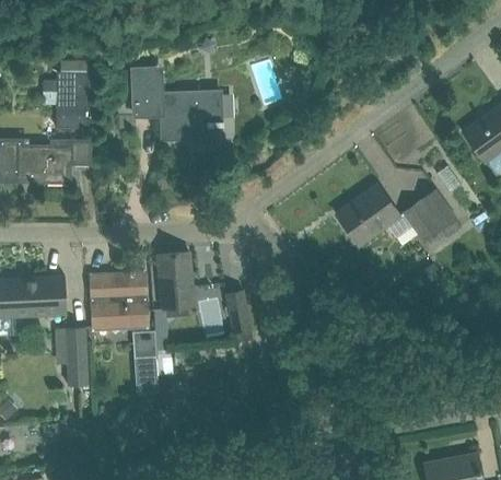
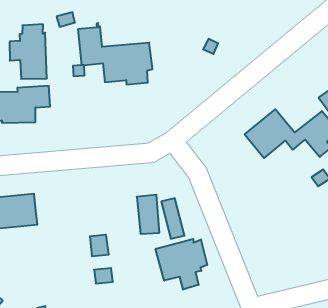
building: [158,251,193,309] -> none
building: [91,270,147,330] -> none
building: [66,327,88,386] -> none
building: none -> [156,239,207,290]

